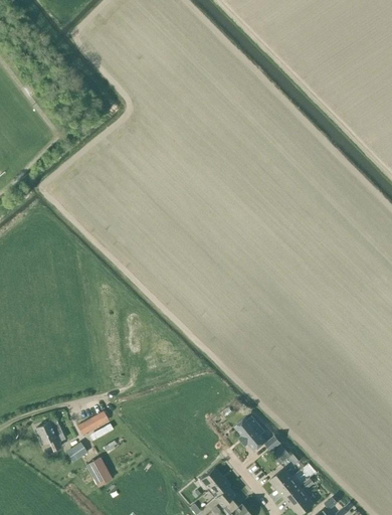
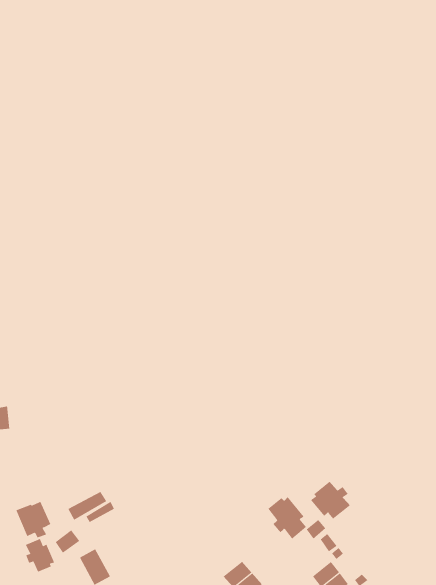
building: none -> [310,481,351,520]
building: none -> [25,538,55,573]

